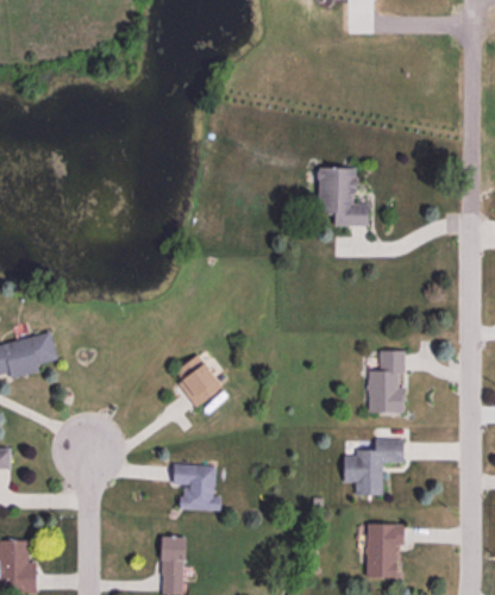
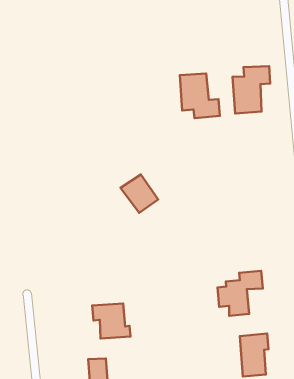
building: none -> [232,66,270,114]
building: [369,350,406,413] -> none
building: [173,355,221,406] -> [121,174,158,213]

